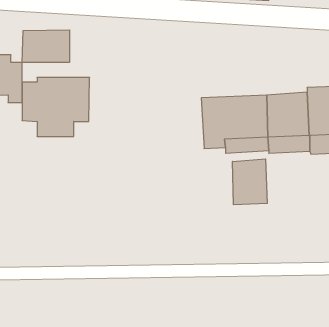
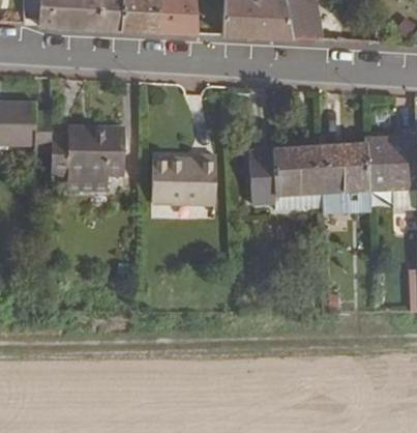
building: [22,30,69,62] -> none
building: none -> [150,153,215,204]
building: [233,159,267,205] -> none

